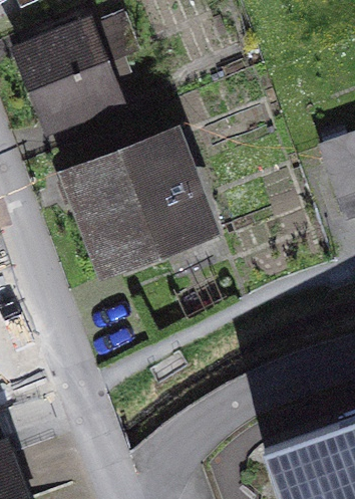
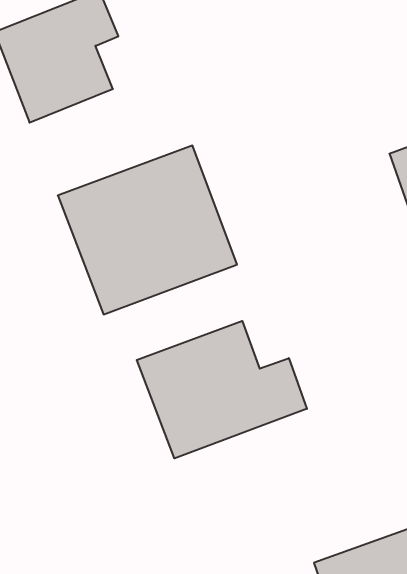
building: none -> [137,321,307,458]

